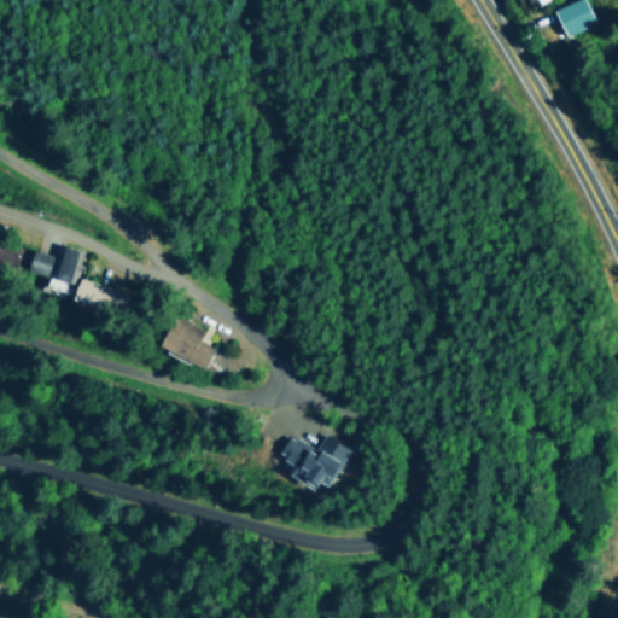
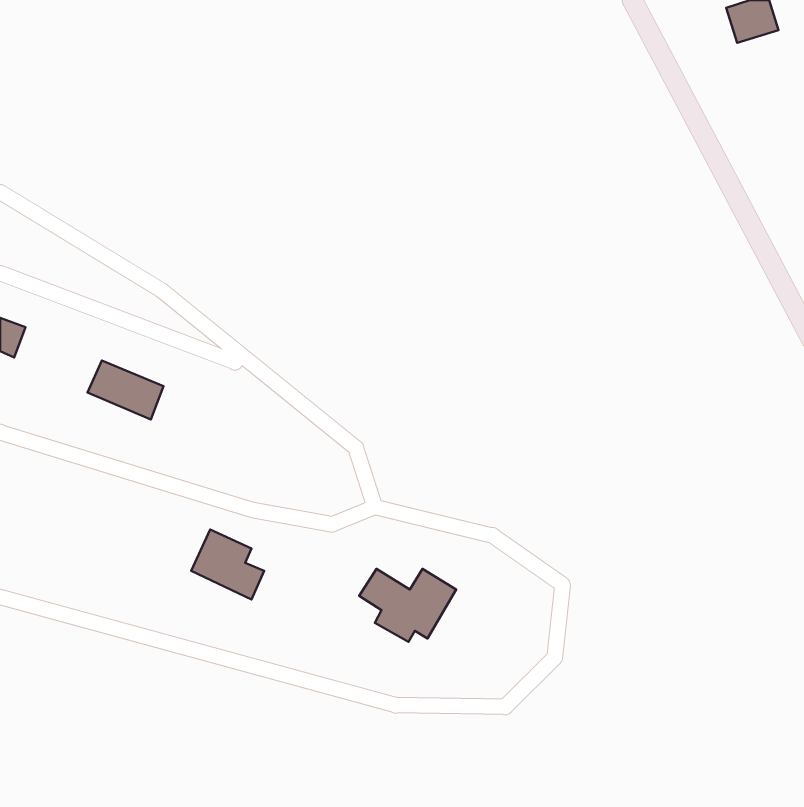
building: [30,249,86,297] -> none
building: [162,317,217,371] -> [191,529,264,599]

